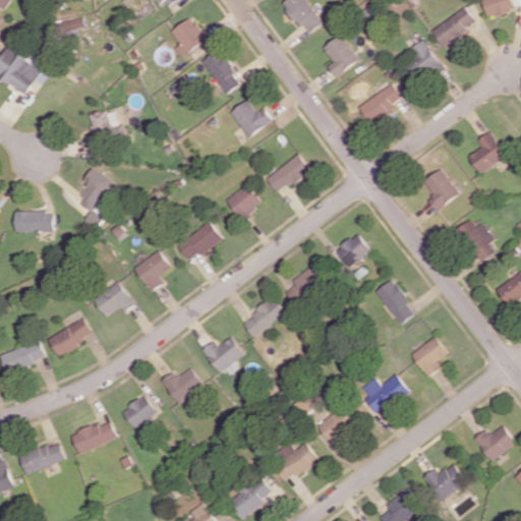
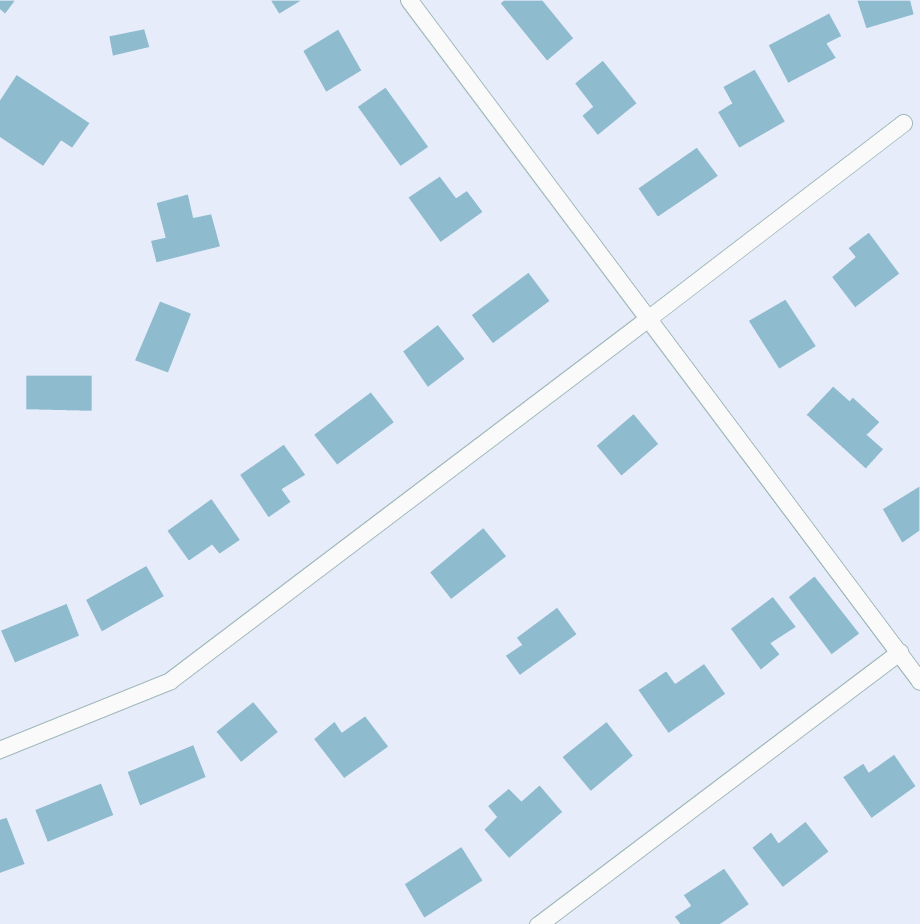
building: [285,264,326,302] -> [505,607,577,676]
building: [374,280,415,325] -> [788,576,860,655]
building: [202,337,243,371] -> none
building: [161,367,204,403] -> [313,716,389,779]

